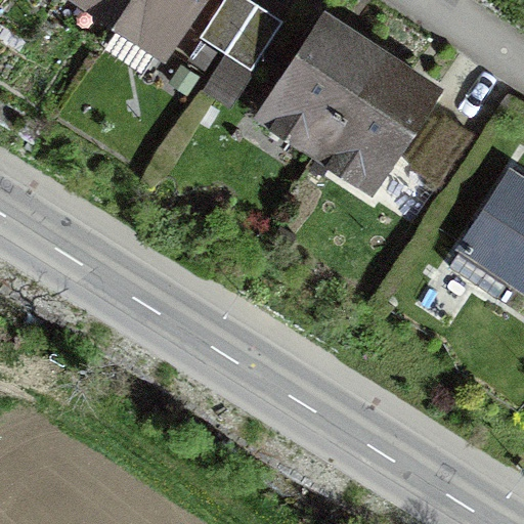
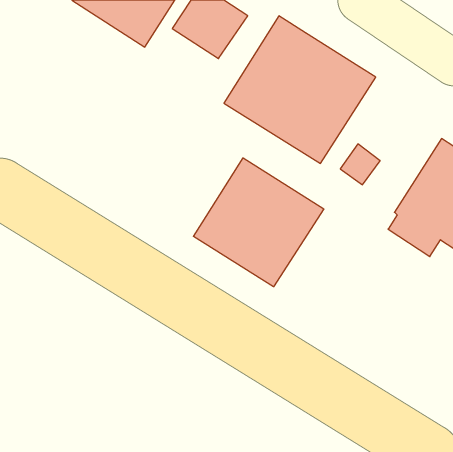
building: none -> [193,158,324,287]

